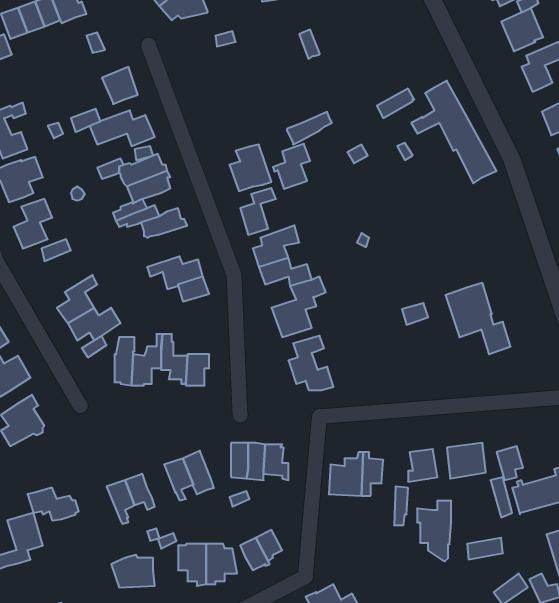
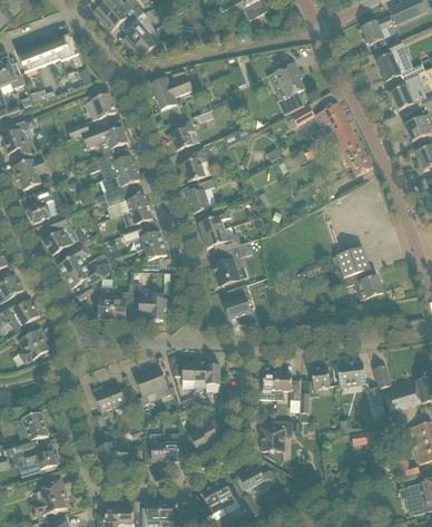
building: none -> [274,61,303,114]
building: none -> [148,76,190,108]
building: [273,144,310,189] -> [167,117,194,149]
building: none -> [119,205,151,235]
building: none -> [42,228,77,254]
building: [27,488,79,521] -> [21,445,58,468]
building: [417,501,451,561] -> [259,420,284,463]

